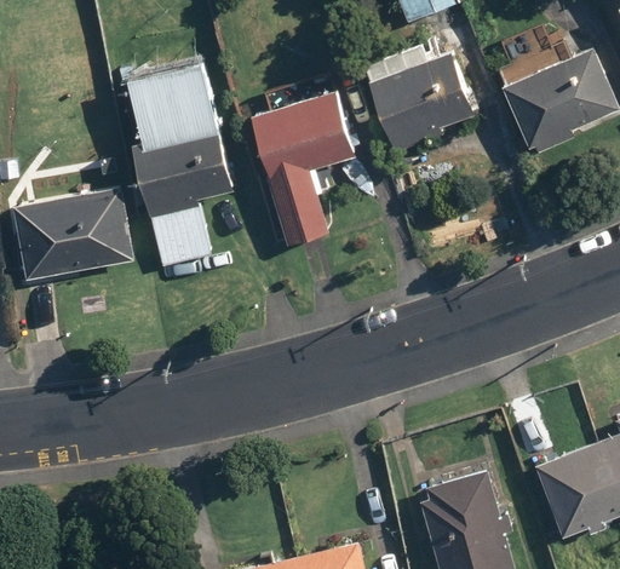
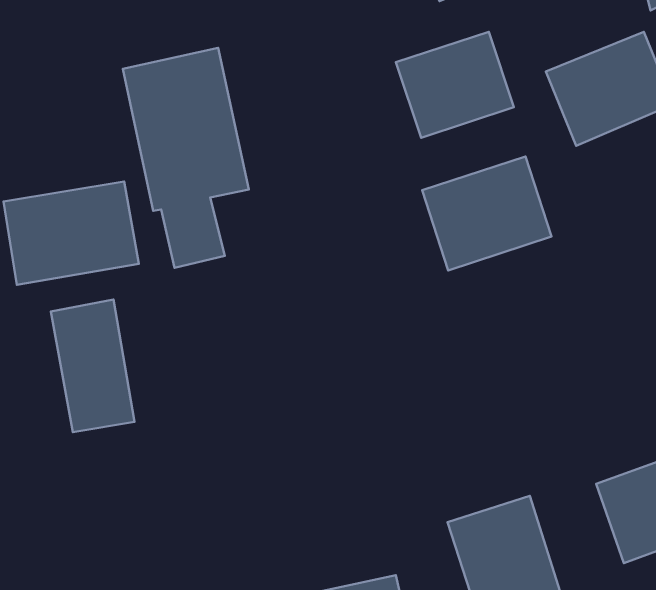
building: [251,91,352,245] -> none
building: none -> [422,156,551,270]
building: none -> [51,299,135,432]

